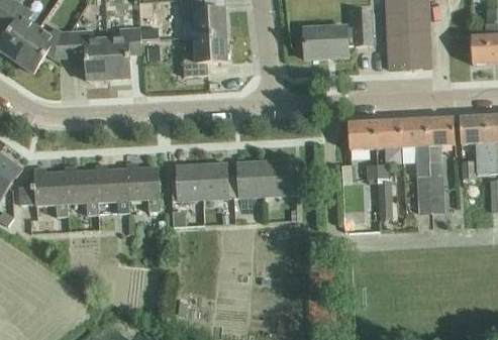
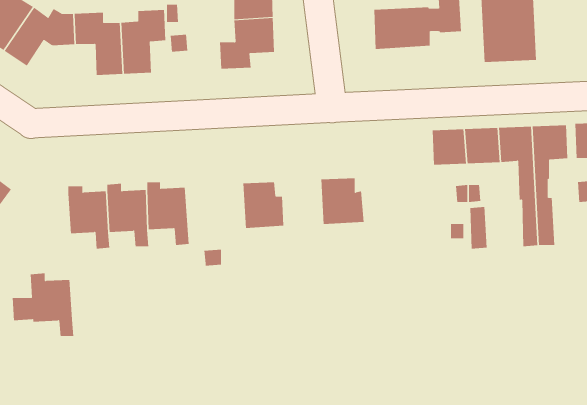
building: [232,160,264,197] -> none
building: [170,163,203,201] -> none
building: [19,166,68,216] -> [12,273,74,336]

